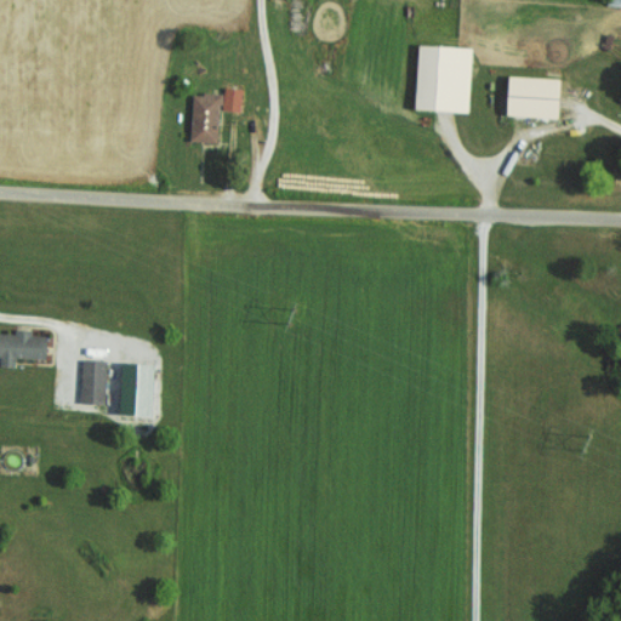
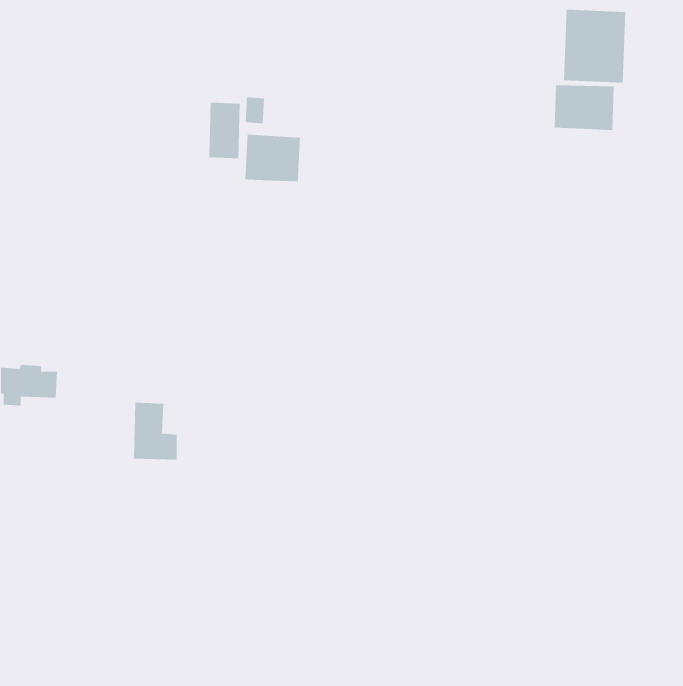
building: [414,46,471,113] -> [563,9,626,83]
building: none -> [245,134,301,182]
building: [87,360,113,405] -> none

